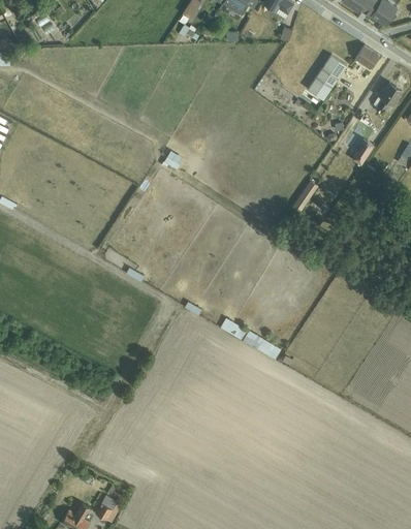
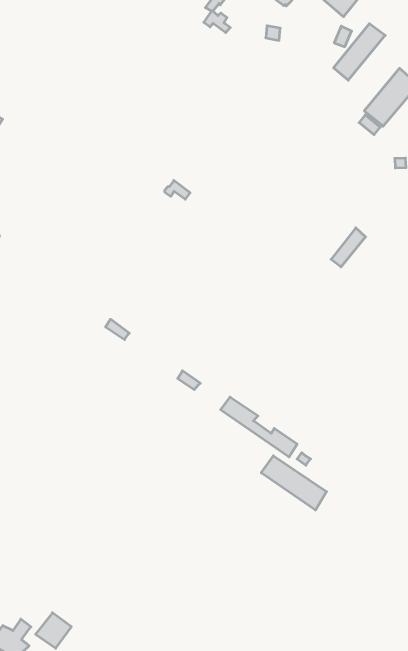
building: none -> [334,24,385,80]
building: none -> [261,456,327,510]

